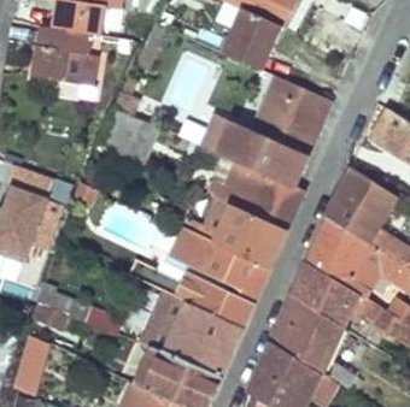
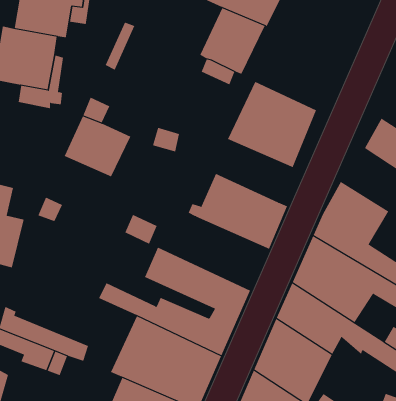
building: [203,114,308,187] -> none
building: [183,200,286,267] -> none

